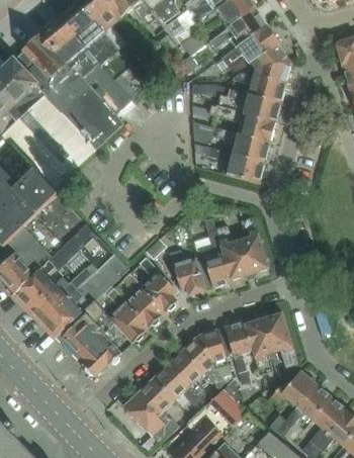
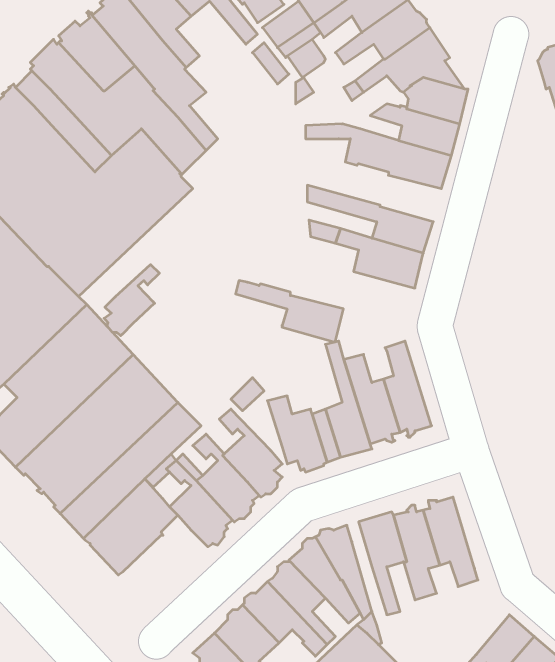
building: [208,106,274,144] -> [236,281,343,342]
building: none -> [104,265,159,336]
building: [80,323,121,377] -> none
building: [269,370,316,407] -> none

